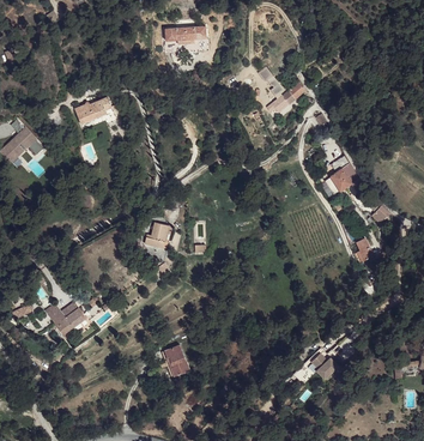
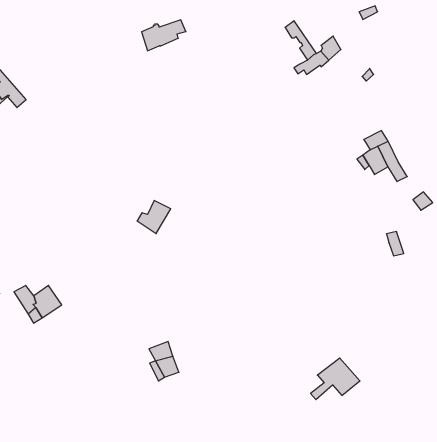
building: [75,98,113,126] -> [142,20,186,51]

